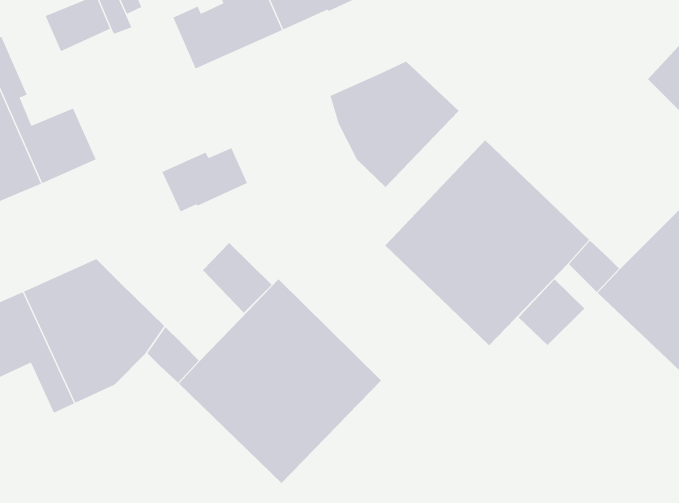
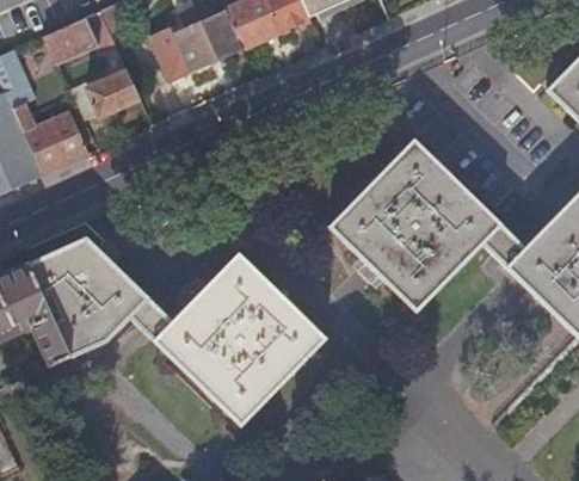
building: [330,61,459,188] -> none
building: [162,147,248,212] -> [69,68,141,122]
building: [202,242,273,313] -> none
building: [518,278,585,346] -> none

